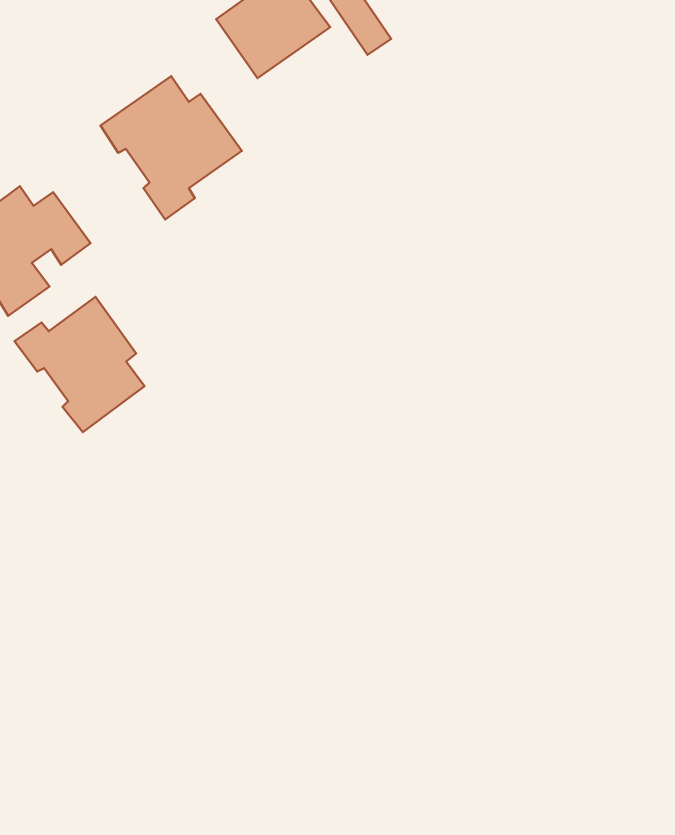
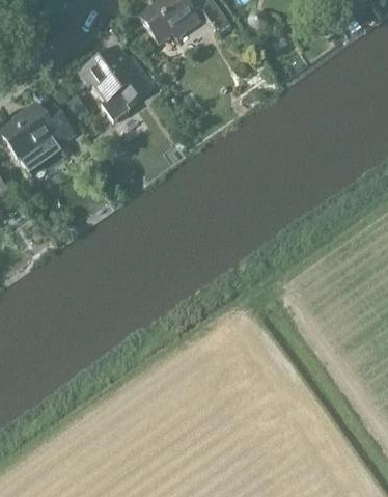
building: [15,297,145,432] -> none

